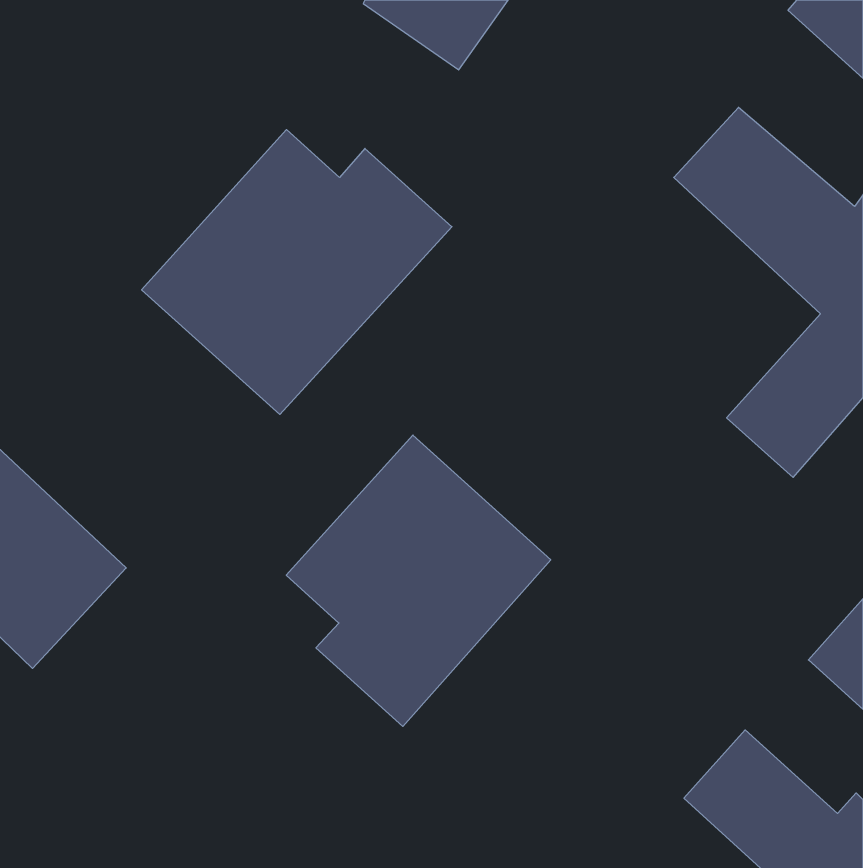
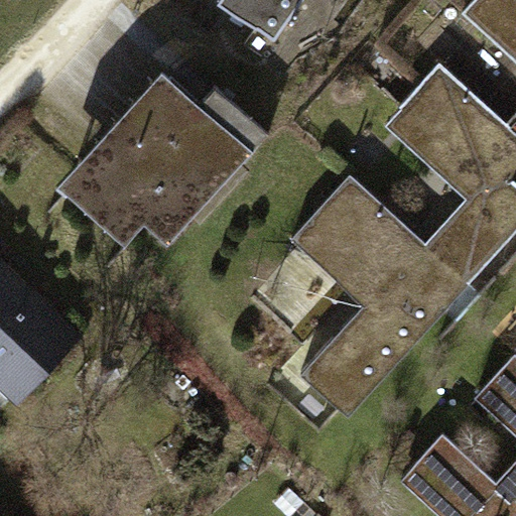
building: none -> [290,176,469,417]
building: [286,435,551,726] -> none

